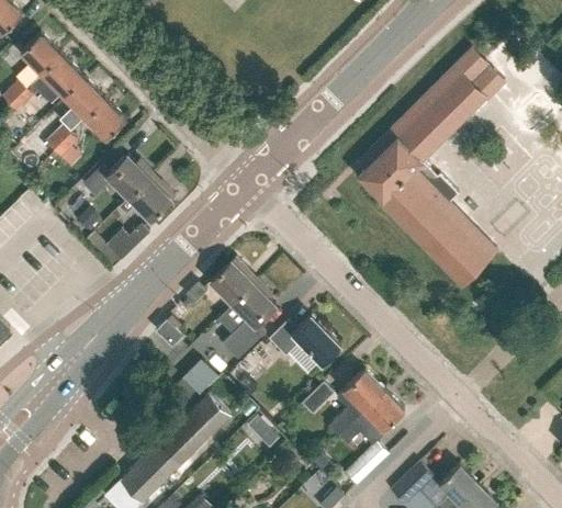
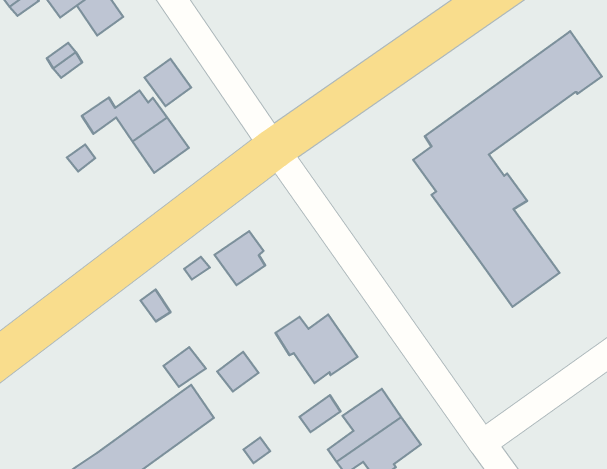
building: [85,99,124,138] -> [145,59,191,106]
building: [104,224,148,261] -> none
building: [222,280,276,360] -> none

